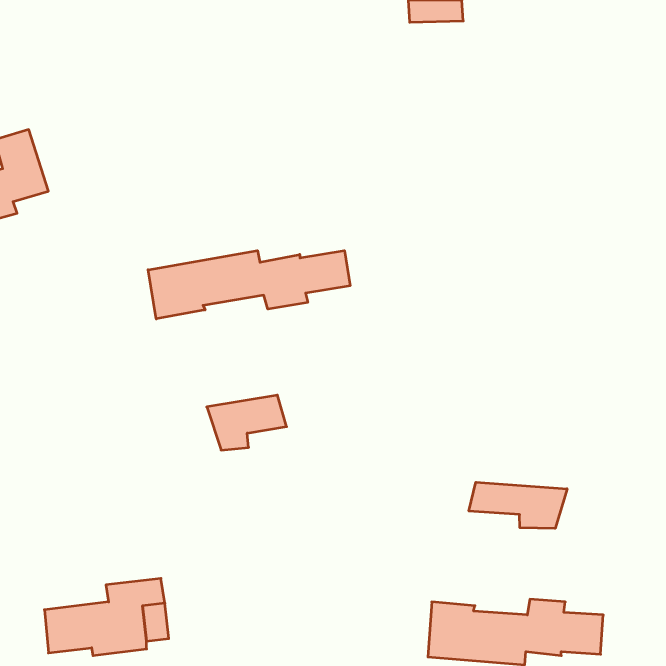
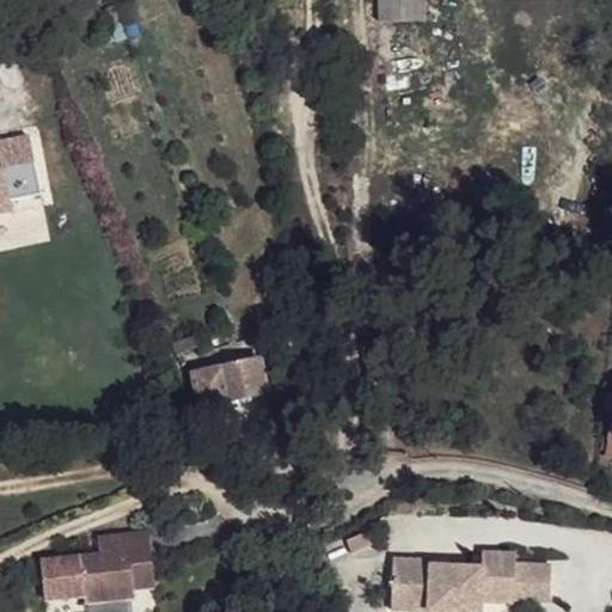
building: [148,251,350,319] -> none
building: [469,482,567,528] -> none

